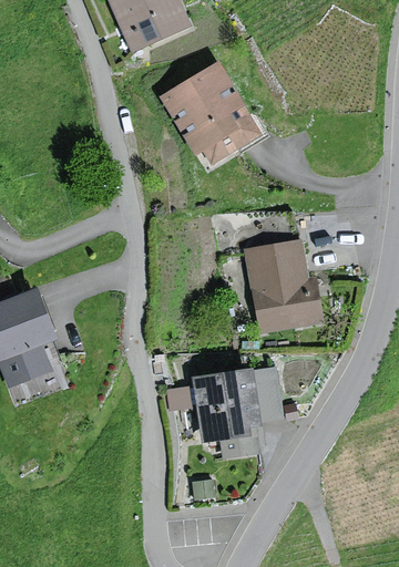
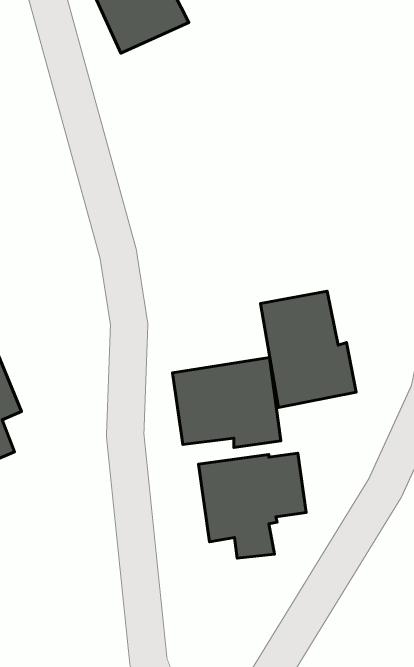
building: [164,65,257,159] -> none
building: none -> [173,357,281,447]

